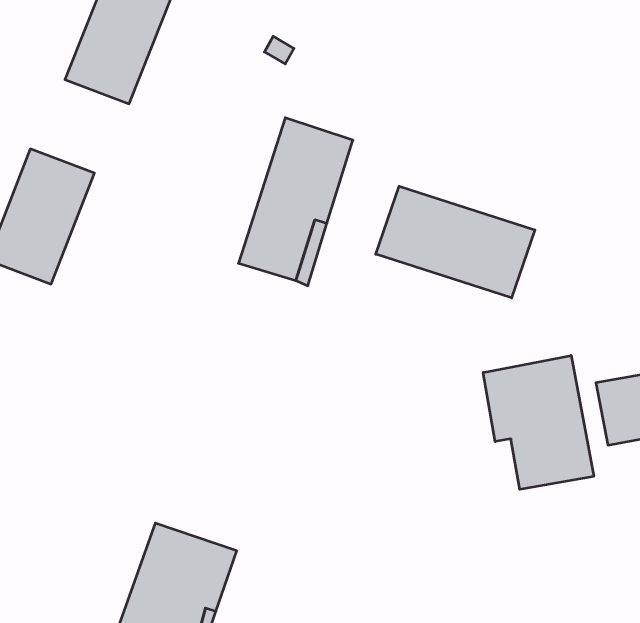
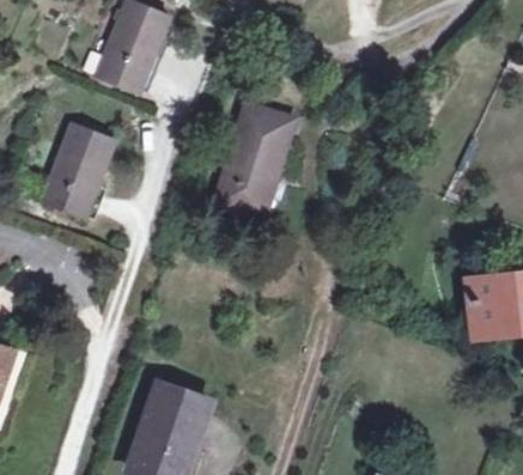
building: [376,186,535,298] -> none
building: [483,355,594,489] -> none

